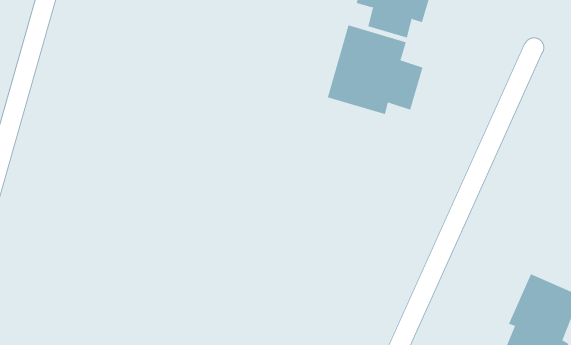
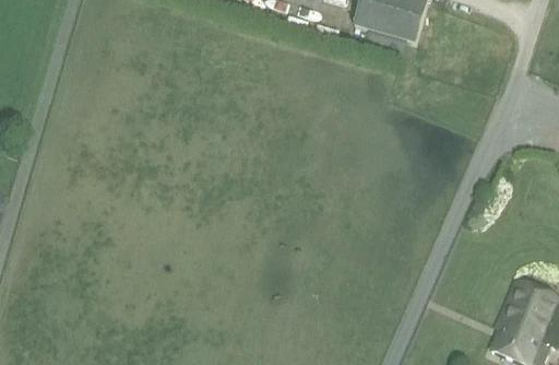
building: [327,25,423,115] -> none

